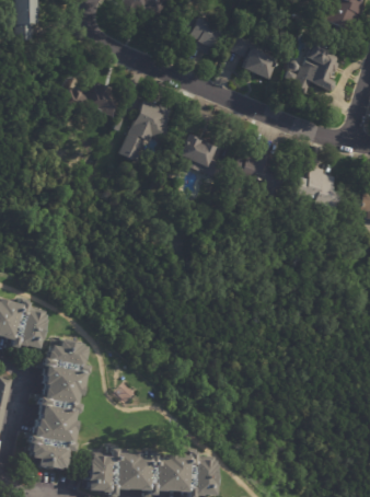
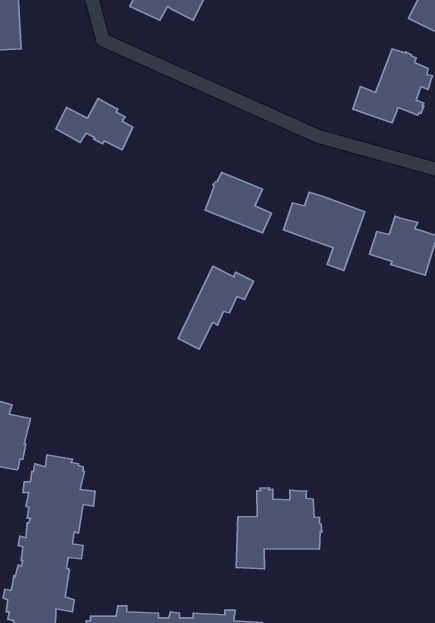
building: [180,14,222,55] -> none
building: [232,36,277,81] -> none
building: [122,99,176,159] -> [178,266,254,349]
building: none -> [236,488,322,569]

